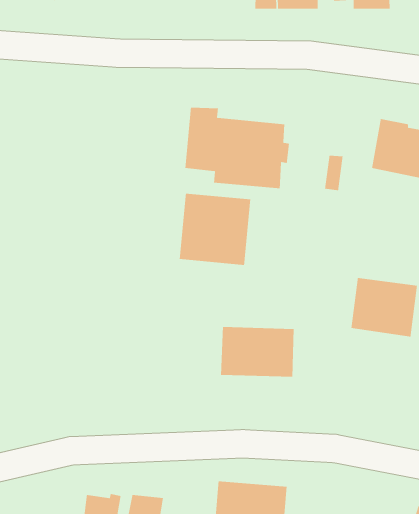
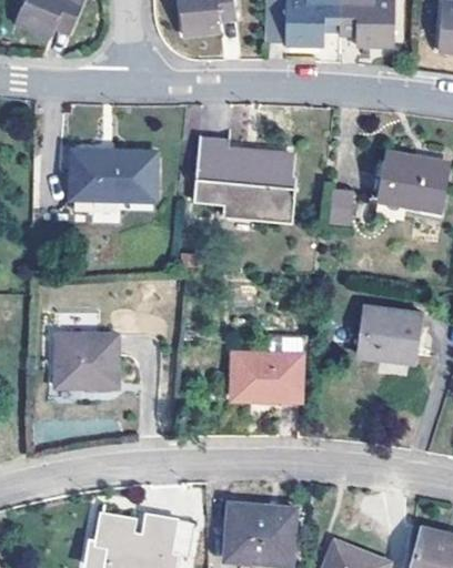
building: none -> [69,148,157,200]
building: [179,193,251,266] -> none
building: none -> [54,332,119,386]

